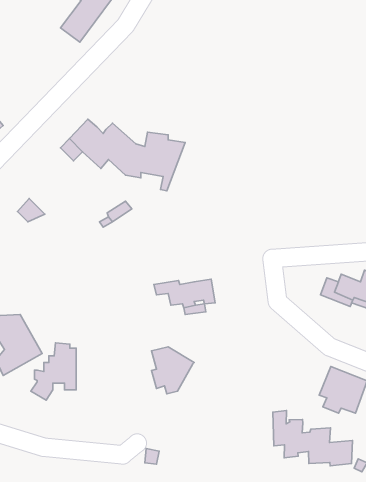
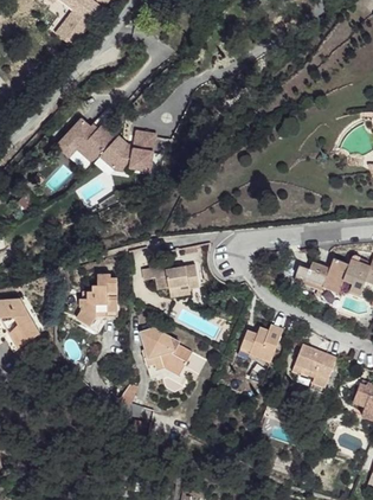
building: [31,343,76,400] -> [75,274,116,326]
building: none -> [240,325,281,360]
building: none -> [162,342,192,377]
building: [273,411,352,466] -> none

